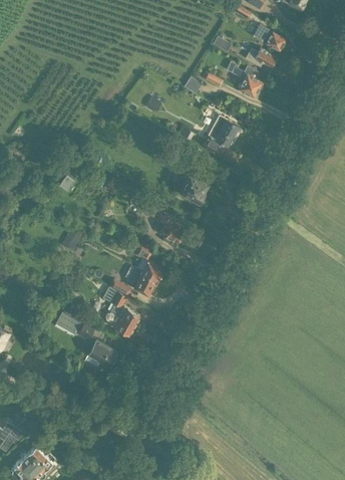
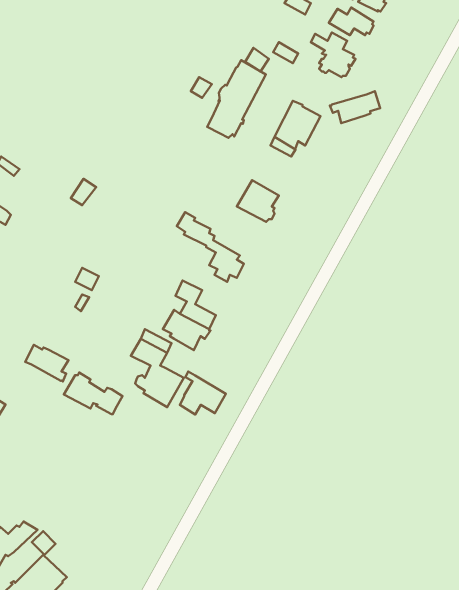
building: none -> [207,60,266,138]
building: none -> [330,91,380,123]
building: none -> [25,345,68,381]
building: [86,336,119,368] -> [180,371,226,415]

